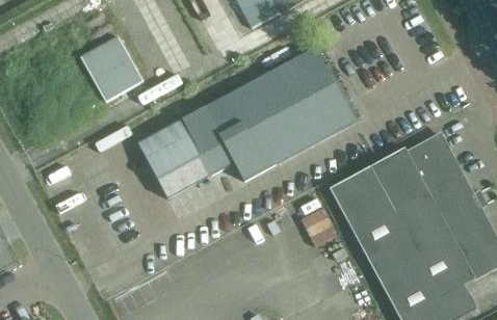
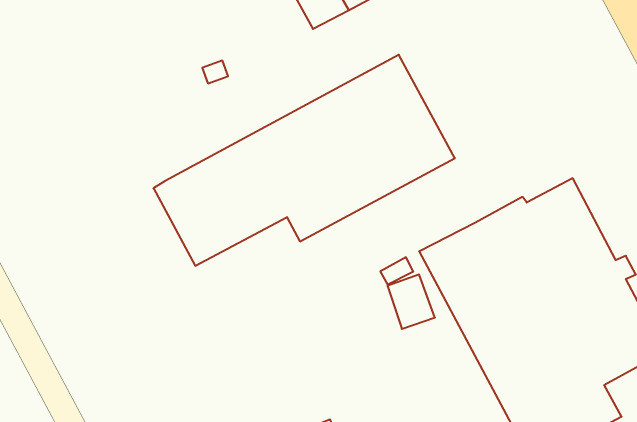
building: [88,32,145,95] -> none

